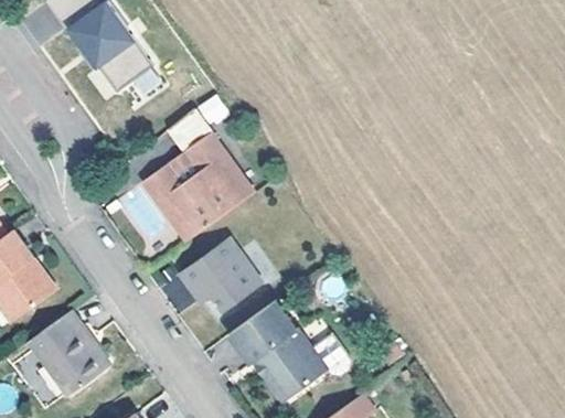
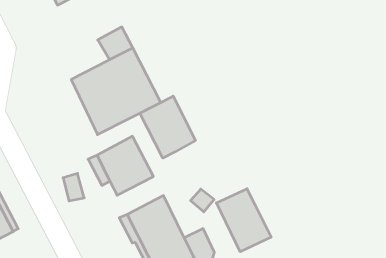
building: none -> [140,96,195,158]
building: none -> [216,189,271,252]

